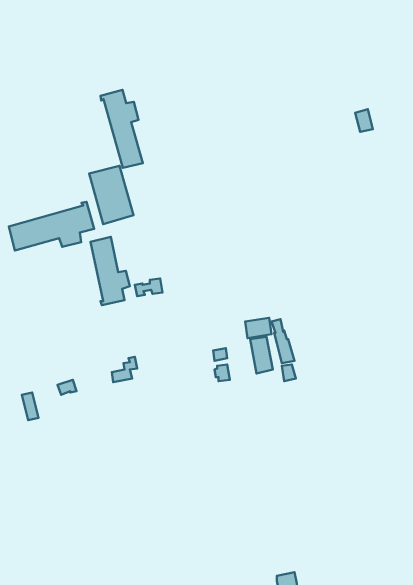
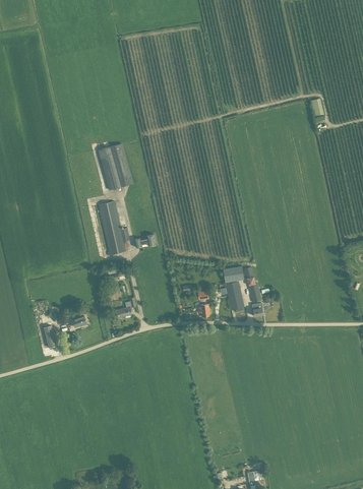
building: [100,90,143,168] -> none
building: [9,202,94,251] -> none

